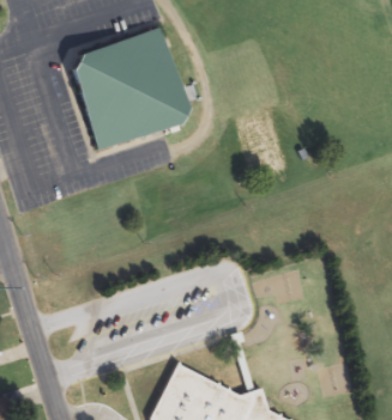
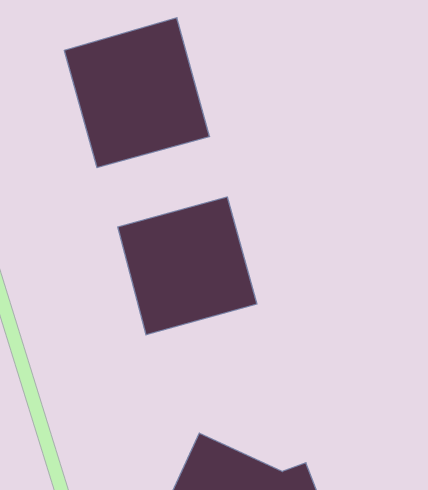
building: none -> [118,197,257,335]

